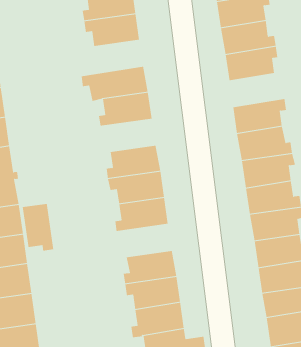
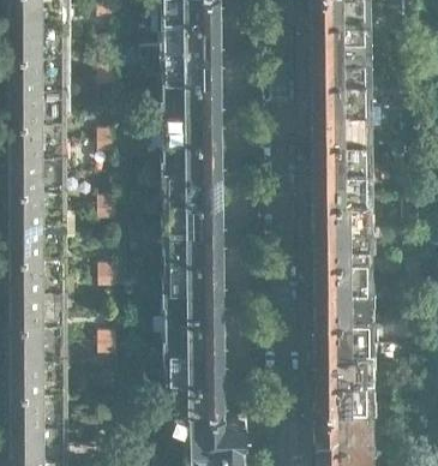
building: none -> [163,71,223,101]
building: none -> [316,130,376,161]
building: none -> [164,161,224,191]
building: [22,203,54,251] -> none
building: none -> [166,281,226,311]

